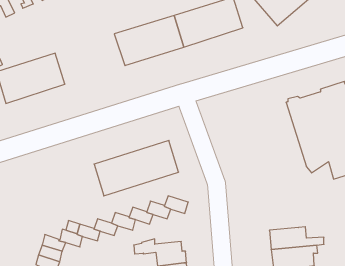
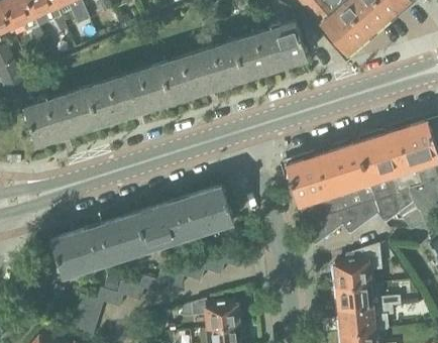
building: none -> [92,64,172,121]
building: none -> [285,140,379,246]
building: none -> [50,213,147,275]
building: none -> [334,244,381,289]

